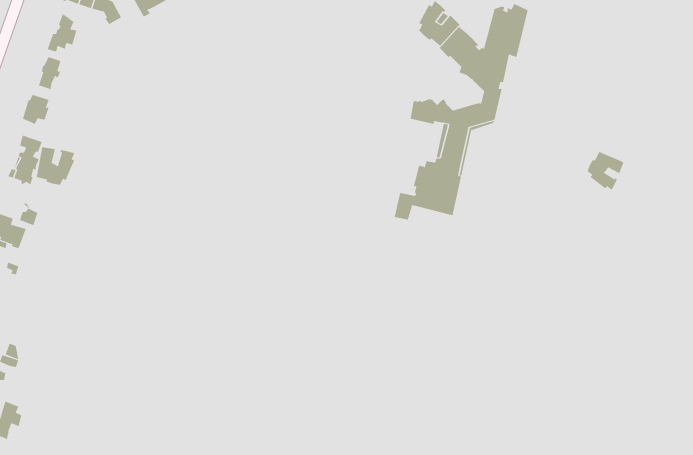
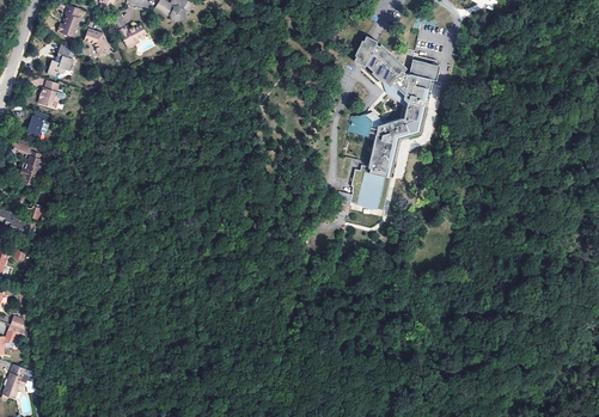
building: [36,147,75,185] -> none
building: [587,151,624,191] -> none

